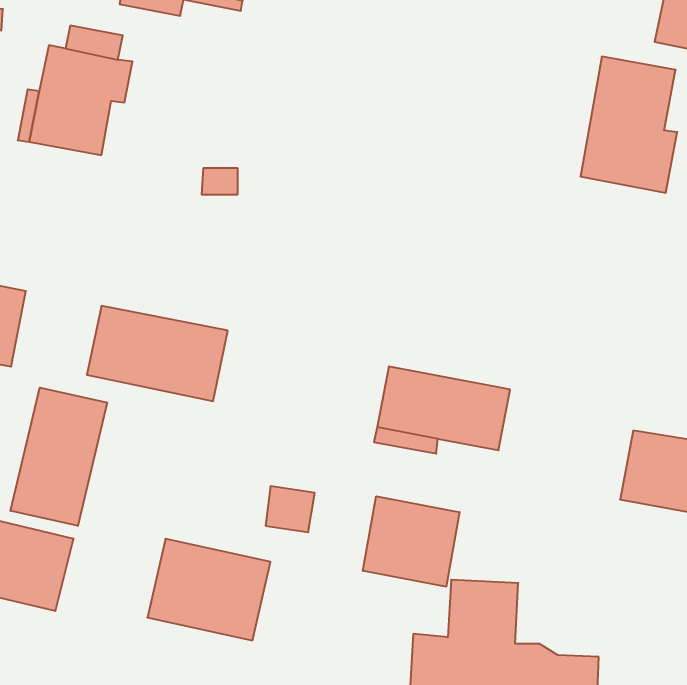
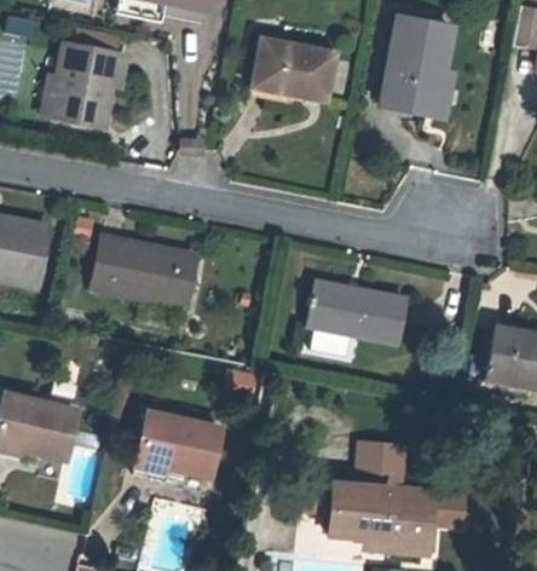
building: none -> [250,38,335,102]
building: [580,57,677,193] -> [381,17,452,117]
building: [11,388,107,526] -> none
building: [363,496,460,587] -> none

